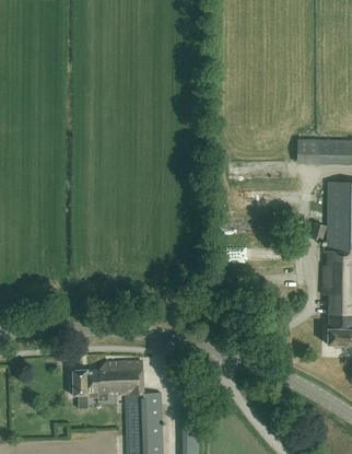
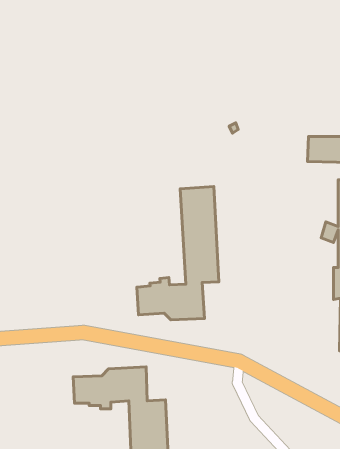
building: none -> [137,186,219,320]

